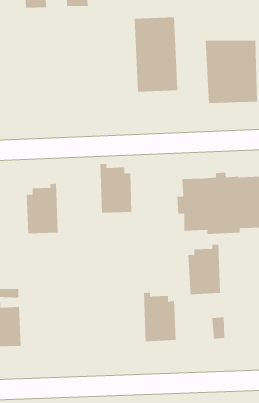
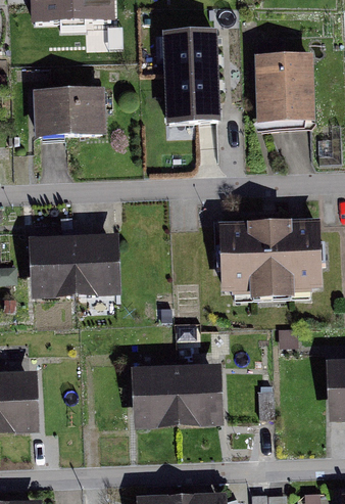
building: none -> [29,92,102,141]
building: [100,163,132,213] -> [73,230,112,289]
building: [187,244,221,295] -> [139,361,179,421]

